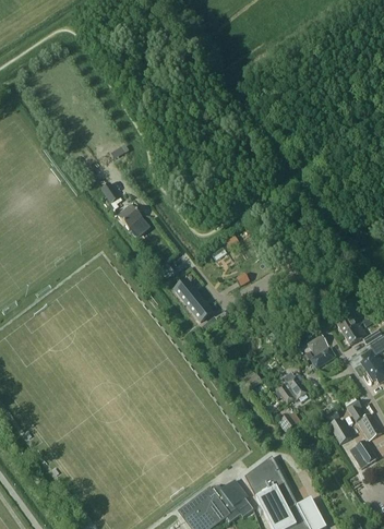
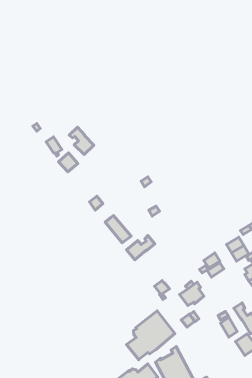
building: none -> [69,127,94,155]
building: none -> [127,236,155,260]
building: none -> [127,311,175,360]

